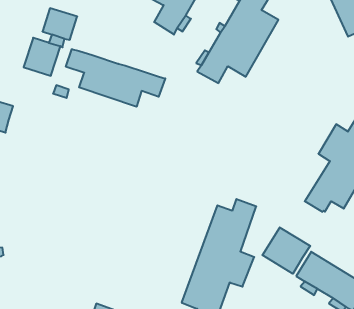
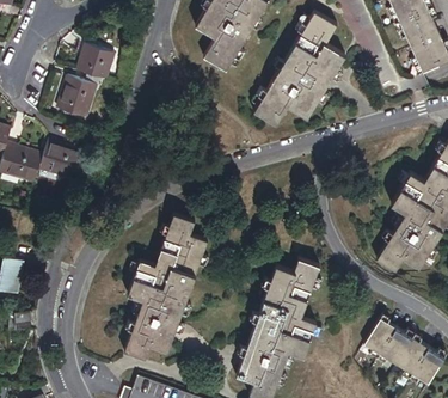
building: [66,49,165,107] -> none
building: none -> [38,139,85,179]
building: none -> [123,213,205,359]
building: [262,227,310,274] -> none

